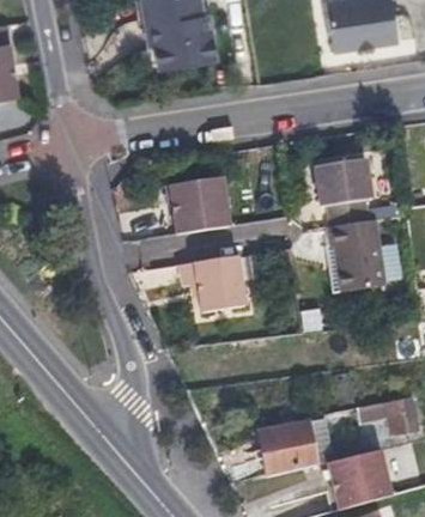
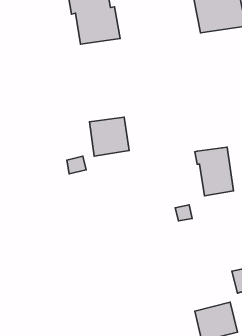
building: [312,160,370,227] -> none
building: [180,256,244,312] -> none
building: [255,422,317,479] -> none

